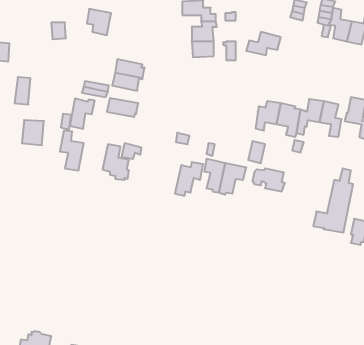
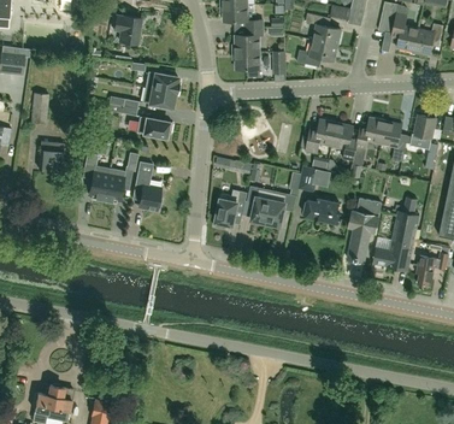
building: none -> [306,13,340,46]
building: [70,99,95,129] -> [104,167,132,202]
building: none -> [347,198,382,261]

